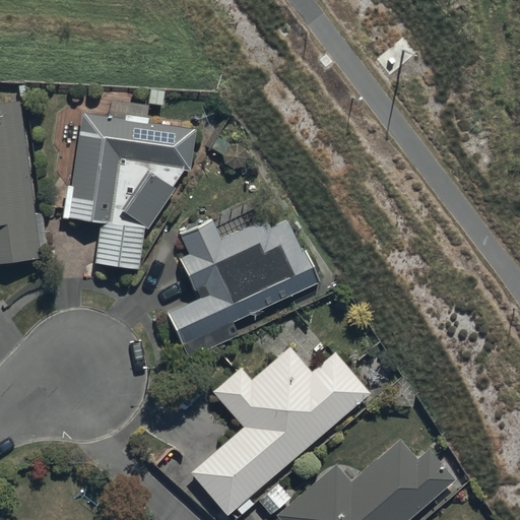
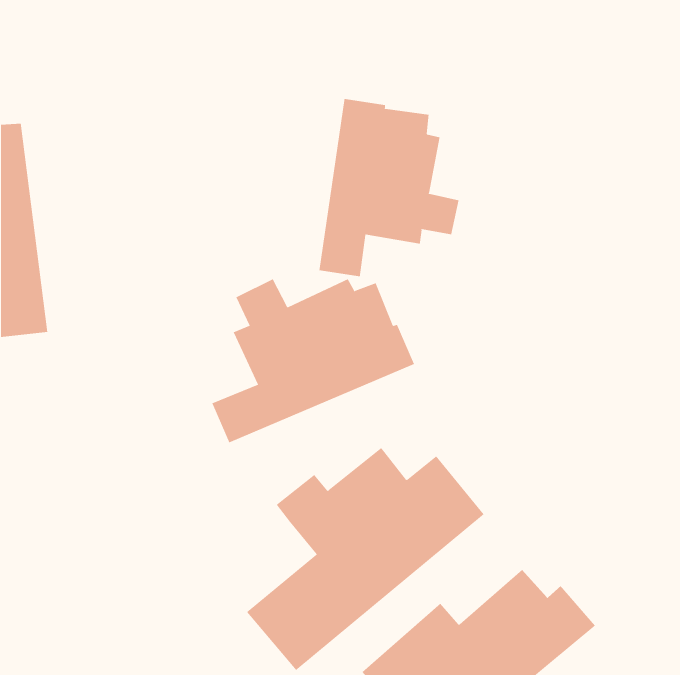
building: none -> [319,98,459,277]
building: [67,113,195,271] -> none

